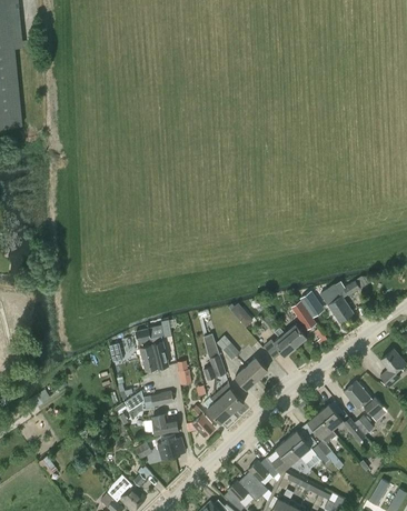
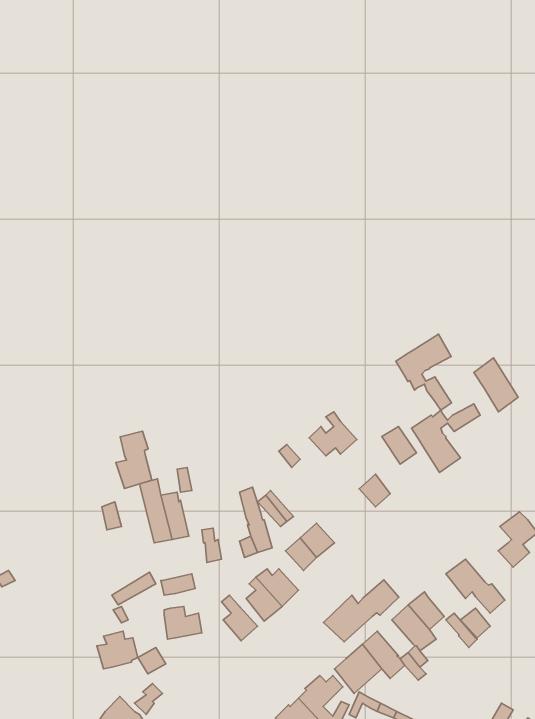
building: none -> [396,334,451,410]
building: none -> [474,358,518,412]
building: none -> [116,431,152,489]
building: [264,328,296,358] -> [309,412,357,456]
building: none -> [323,580,399,642]
building: [157,434,185,460] -> [97,631,138,669]

